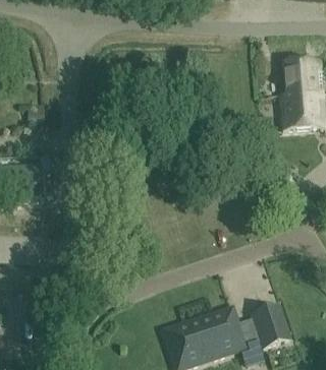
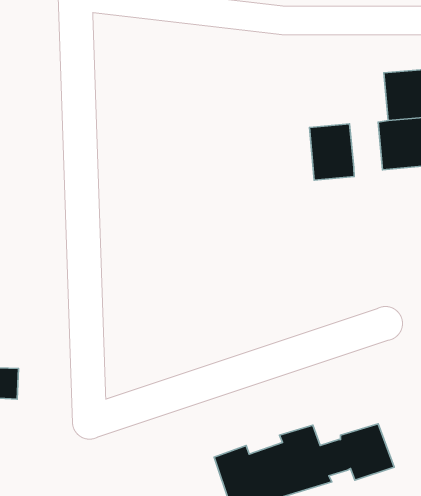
building: none -> [310,124,354,180]

